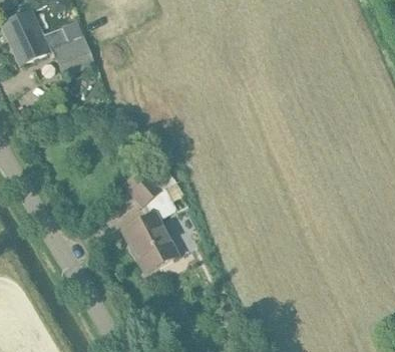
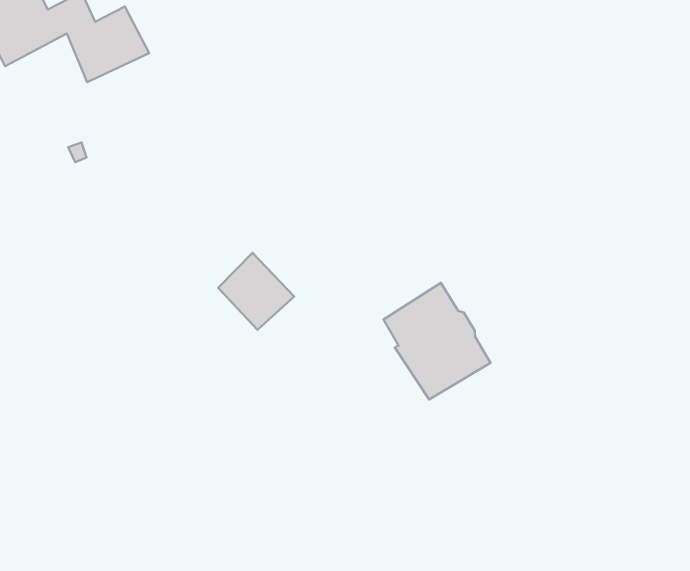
building: [124,211,178,271] -> [383,283,490,399]

